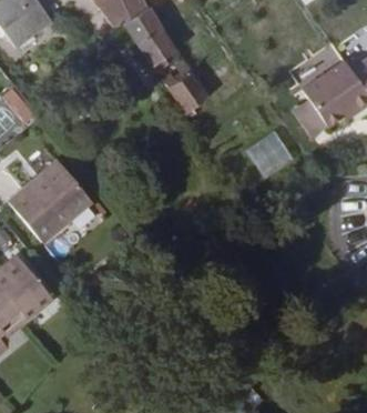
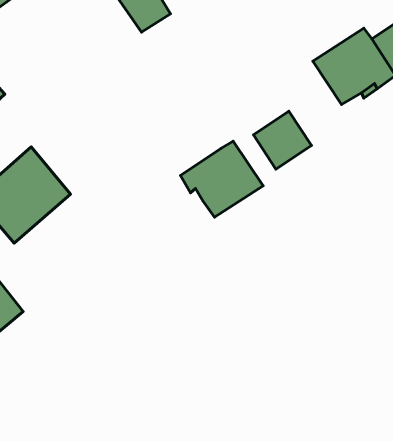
building: [161,70,205,110] -> none
building: none -> [180,141,263,217]

